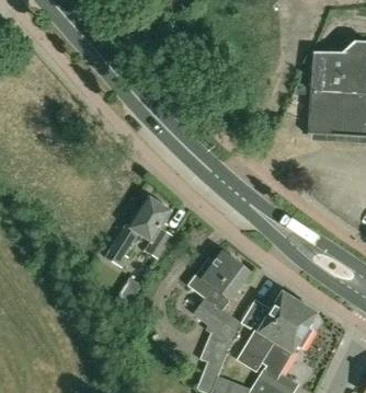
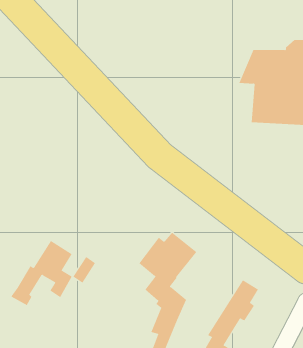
building: [104,196,171,267] -> [11,240,73,306]
building: [237,291,299,371] -> none

